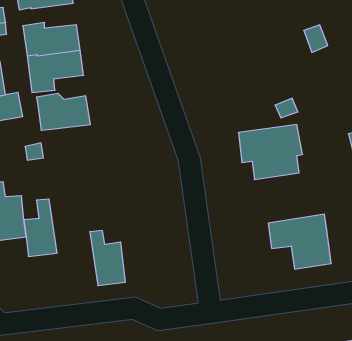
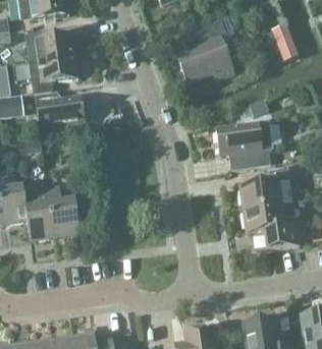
building: none -> [176,18,234,81]
building: none -> [238,166,292,209]
building: [90,231,125,286] -> [48,186,79,235]

